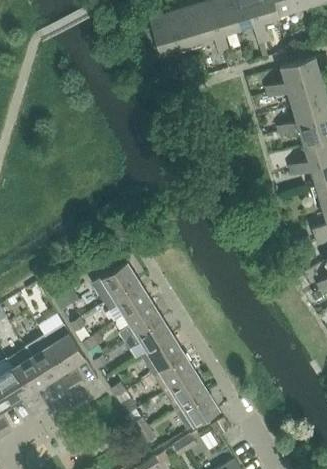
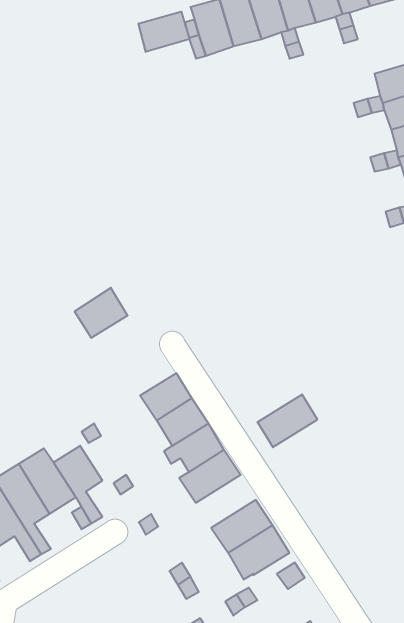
building: none -> [139,12,189,52]
building: [100,261,138,297] -> [75,288,128,338]
building: [152,354,195,392] -> [257,394,317,447]

